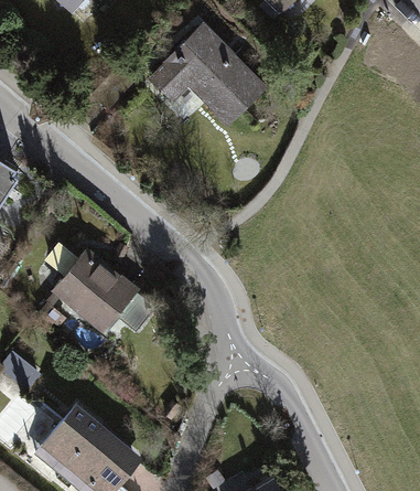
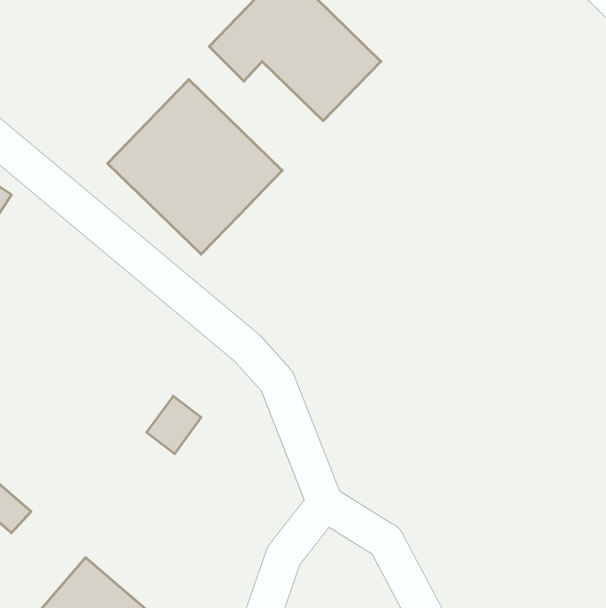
building: none -> [108,79,282,254]
building: [56,245,140,327] -> none

